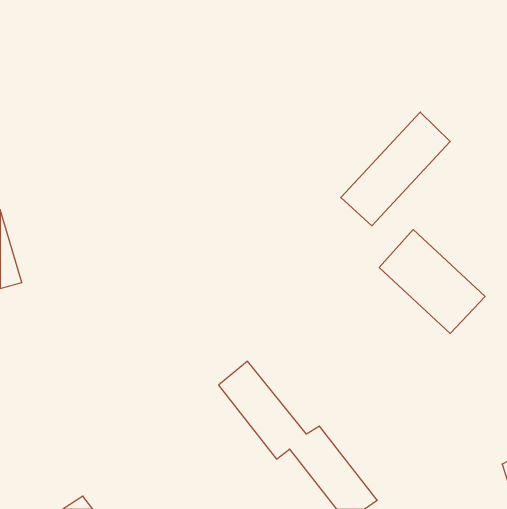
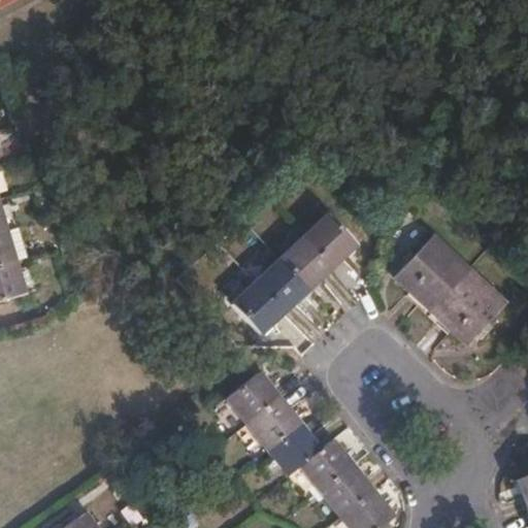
building: [341,112,450,226] -> none
building: none -> [232,214,356,332]

